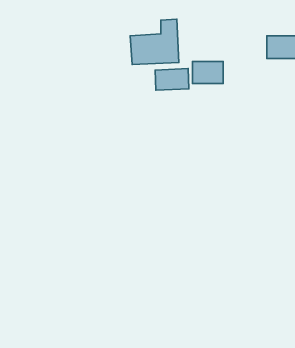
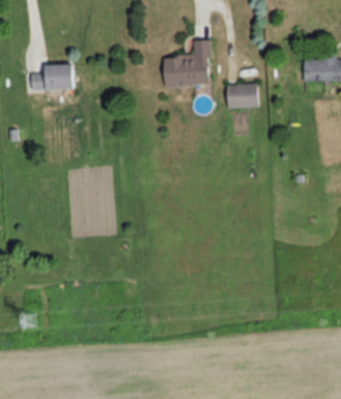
building: none -> [33,64,74,90]
building: [155,69,189,90] -> none

